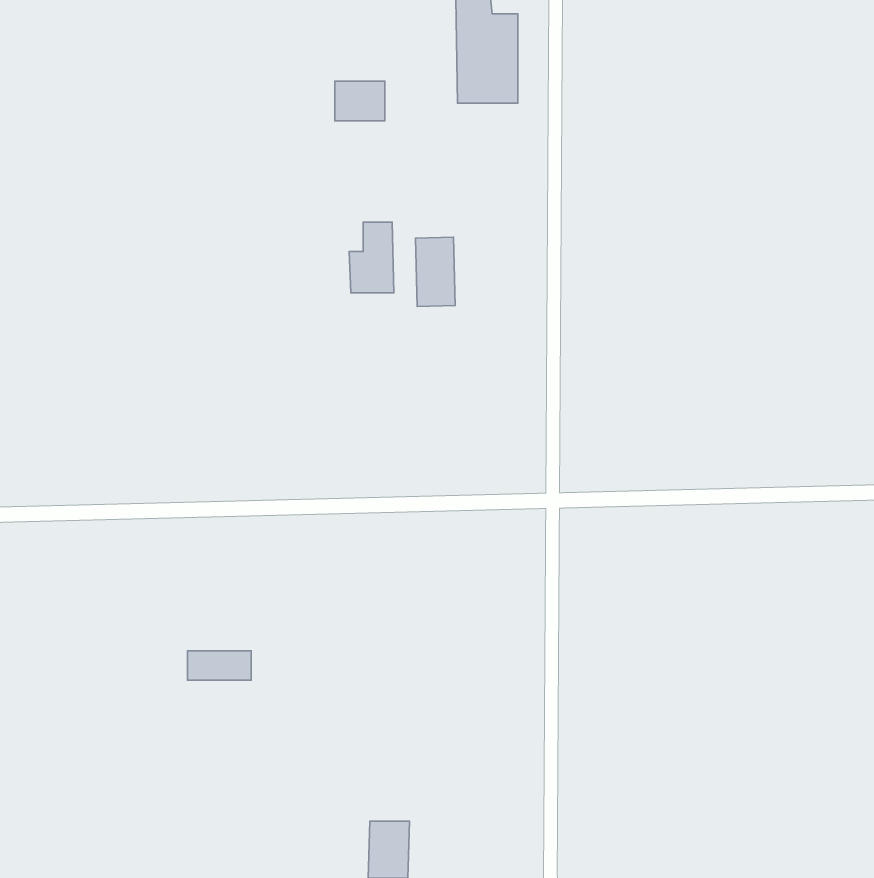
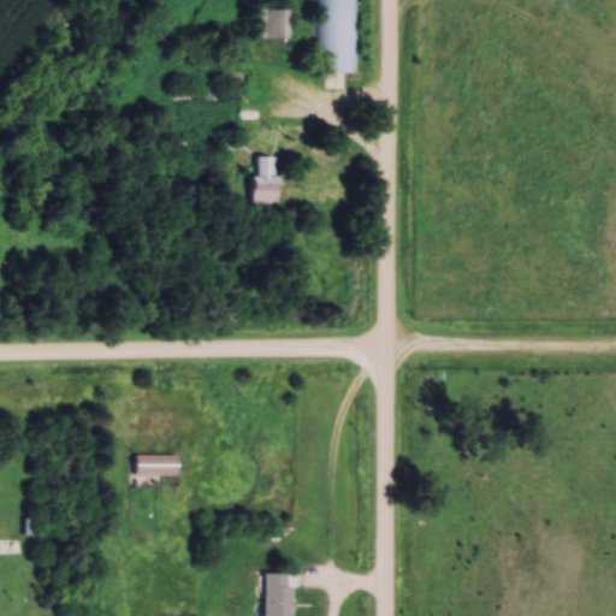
building: [335,81,385,121] -> [257,10,292,37]
building: [416,237,455,306] -> none

